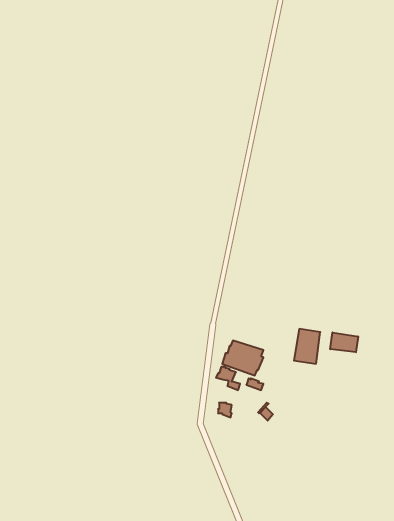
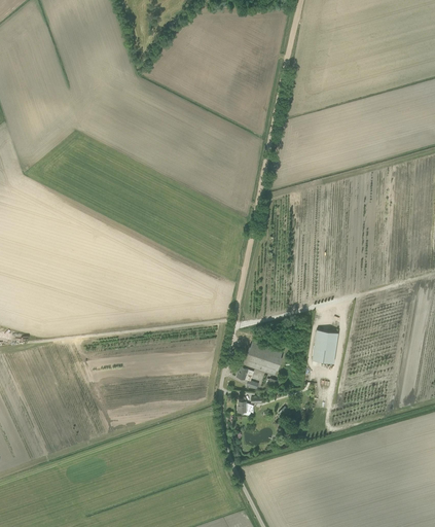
building: [330,332,358,352] -> none

